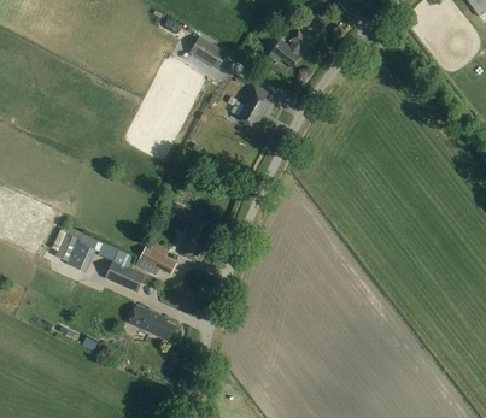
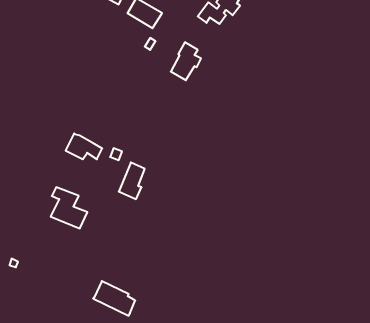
building: [57,234,101,270] -> none
building: [135,246,176,275] -> [66,133,102,159]
building: [127,302,174,341] -> [93,281,135,316]

